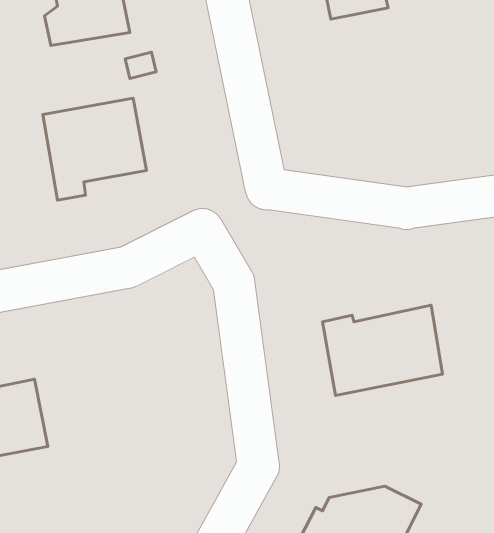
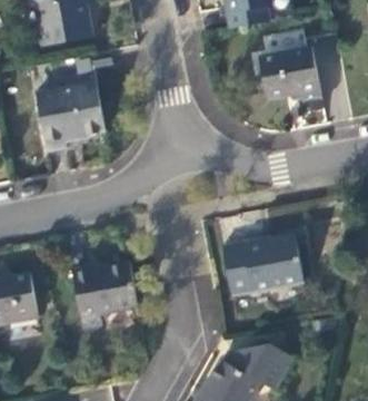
building: none -> [259,47,320,102]
building: none -> [71,261,137,326]

